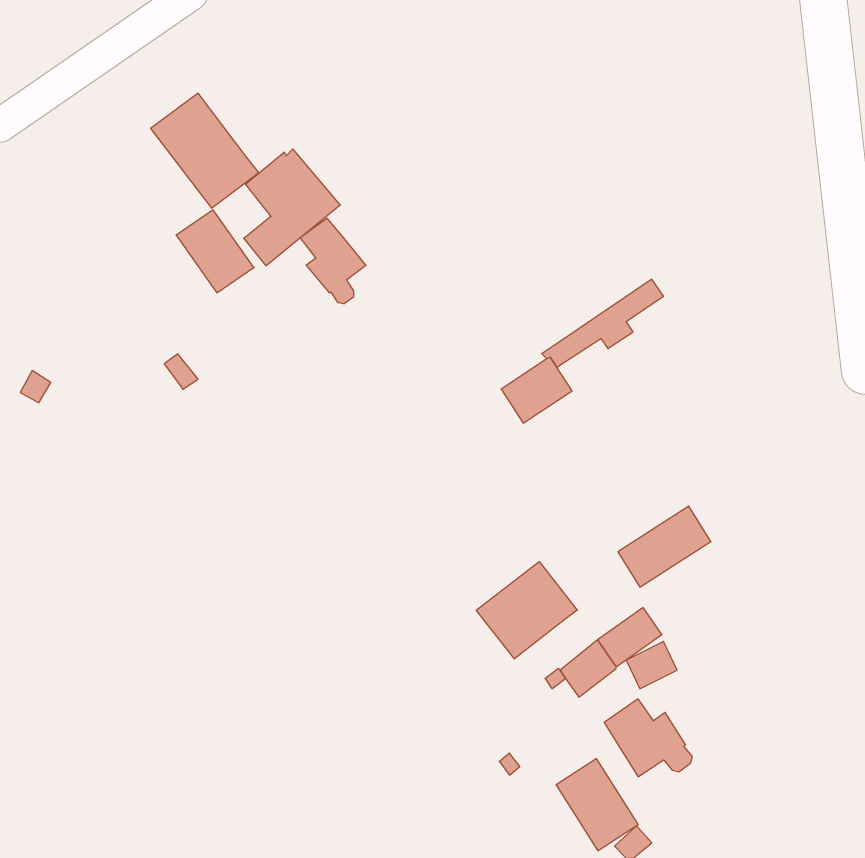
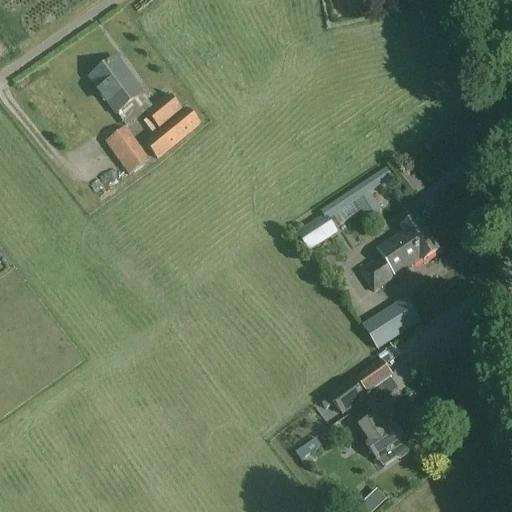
building: [300,218,366,304] -> none
building: none -> [360,215,438,290]
building: [476,562,577,659] -> none
building: [556,759,638,851] -> none

